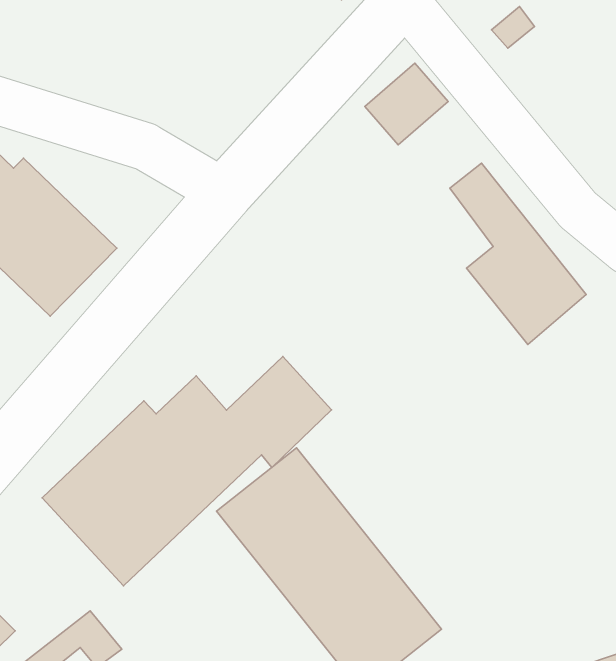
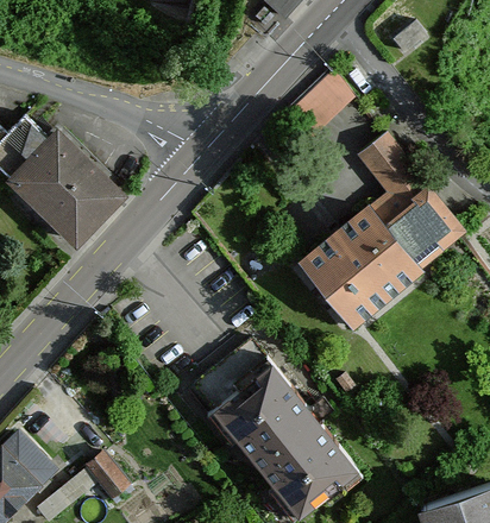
building: none -> [304,210,417,320]
building: [42,356,332,586] -> none

